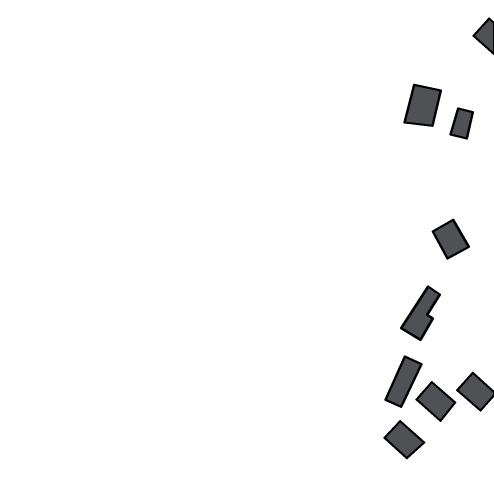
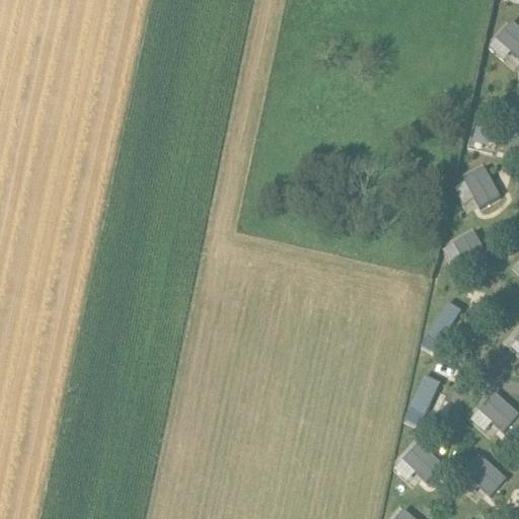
building: [405,85,441,126] -> none
building: none -> [463,166,501,207]
building: [416,382,455,421] -> [465,454,506,495]

